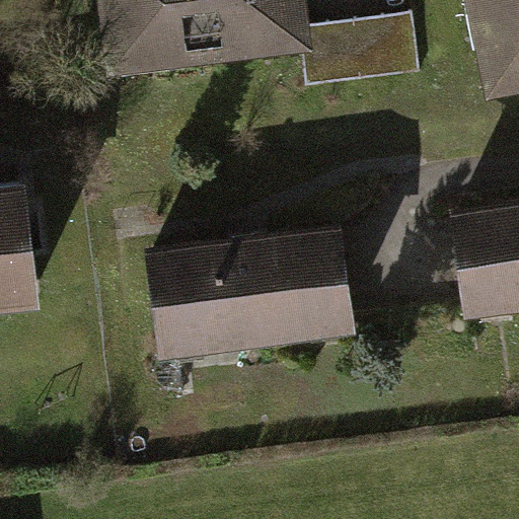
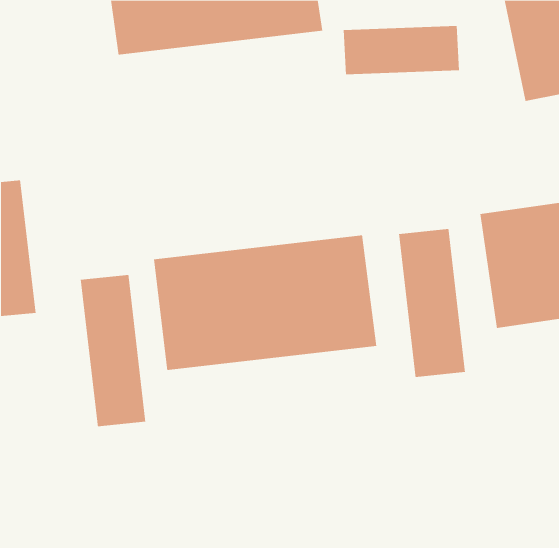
building: none -> [398,228,466,378]
building: none -> [80,274,146,427]

